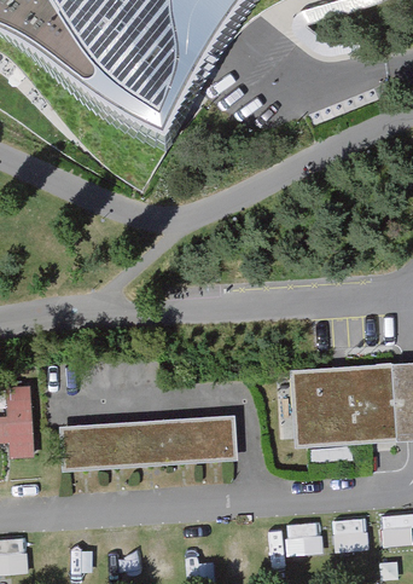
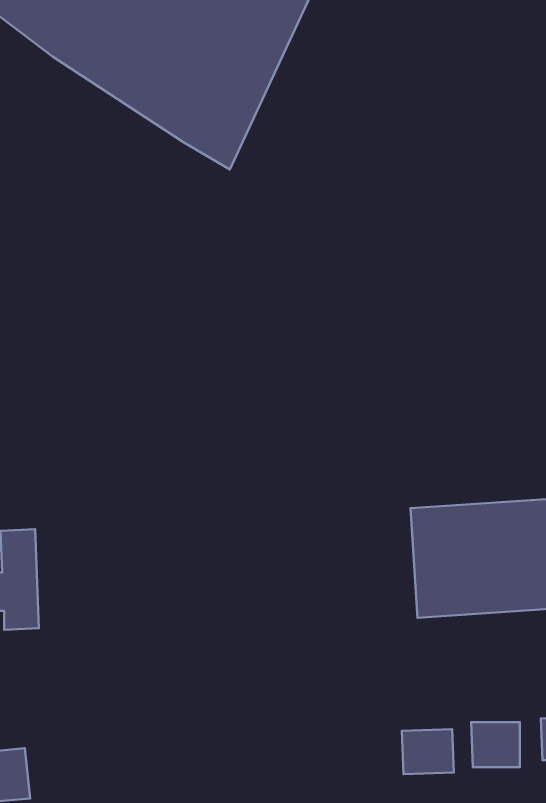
building: [60,416,238,468] -> none

